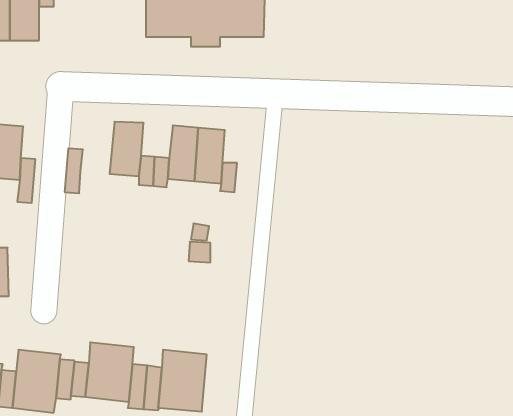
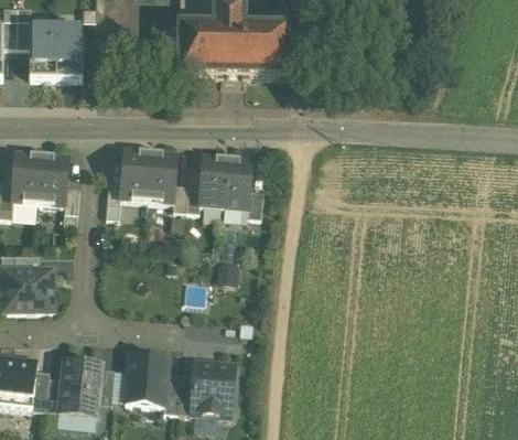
building: none -> [119,149,150,198]

